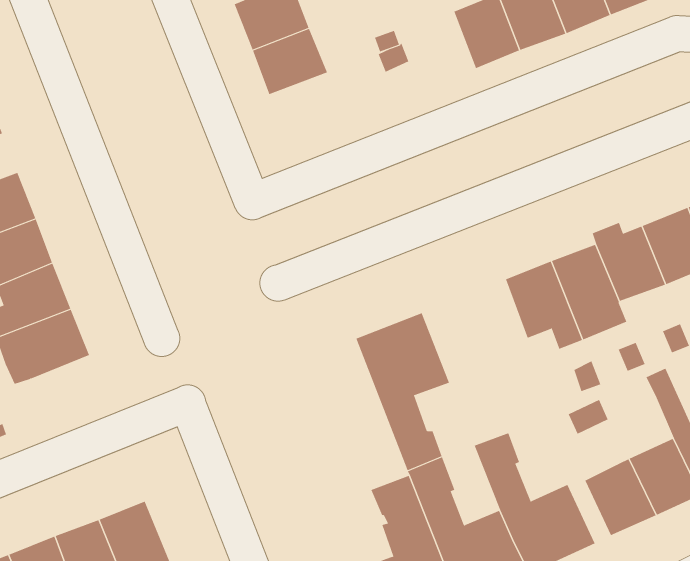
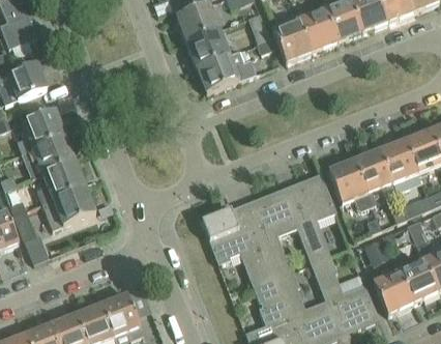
building: none -> [272,20,312,62]
building: none -> [196,50,256,93]
building: none -> [282,173,336,263]
building: none -> [199,203,274,288]

